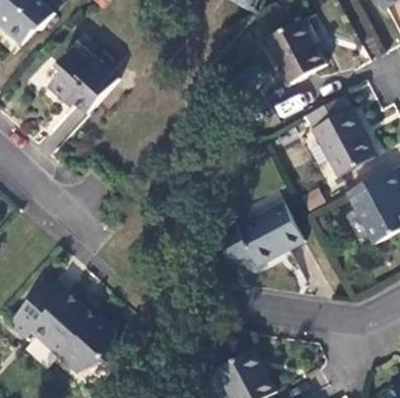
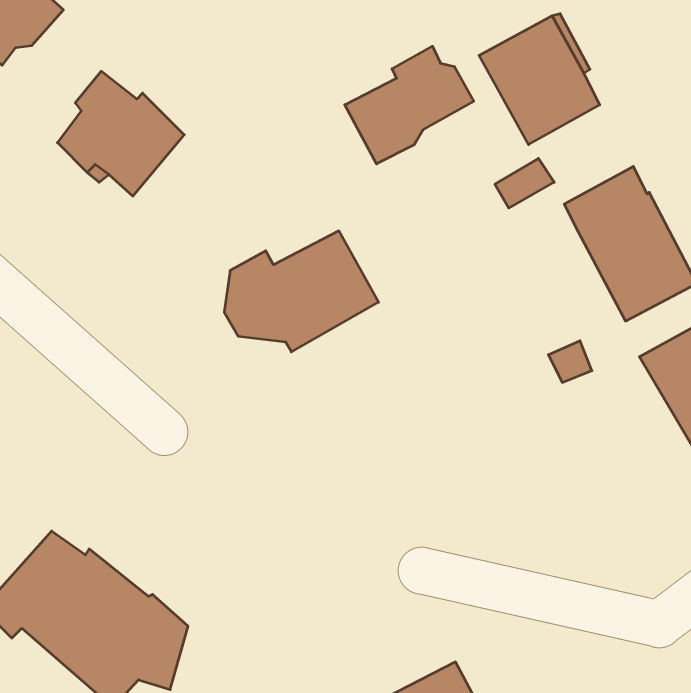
building: none -> [345,46,474,164]
building: [223,203,302,265] -> [224,231,379,352]

